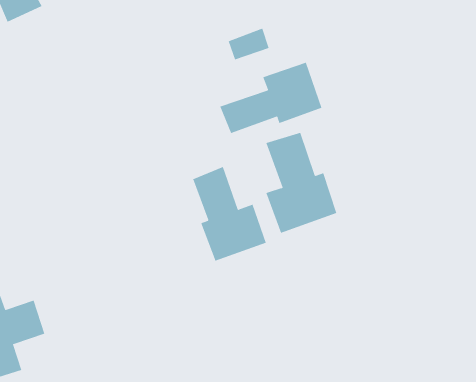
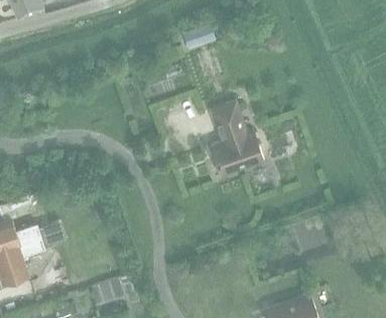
building: [219,62,322,134] -> none
building: [192,166,266,262] -> none

